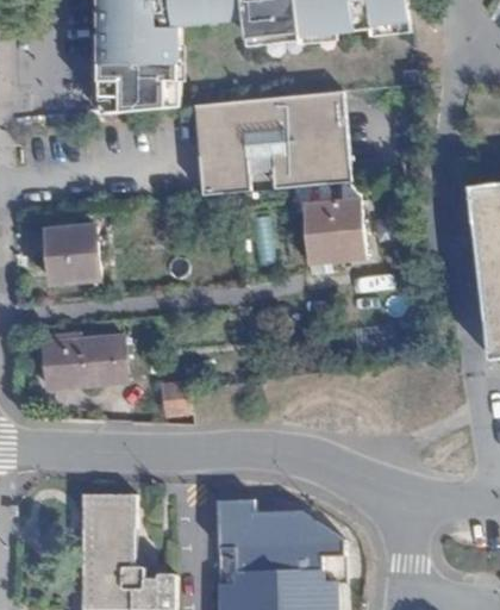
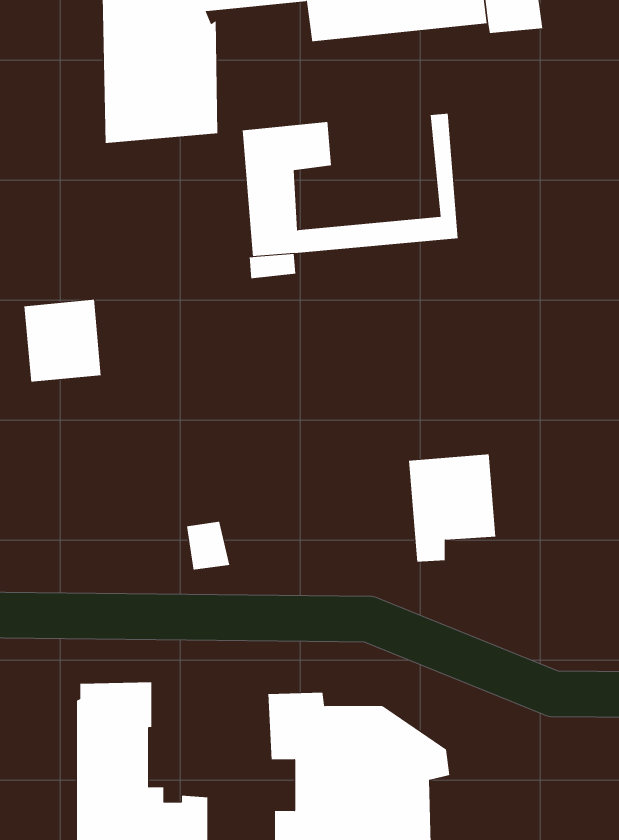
building: [235,94,337,175] -> none
building: [301,199,363,275] -> [408,454,496,562]
building: [40,334,125,388] -> none

